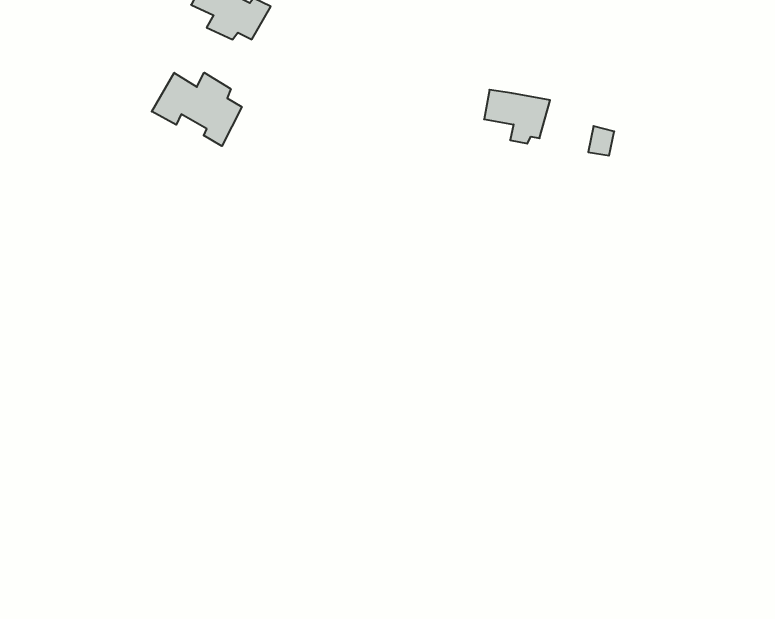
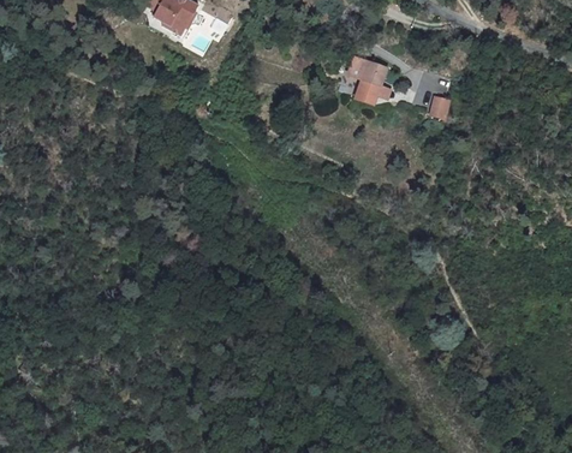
building: [152,73,242,146] -> none

